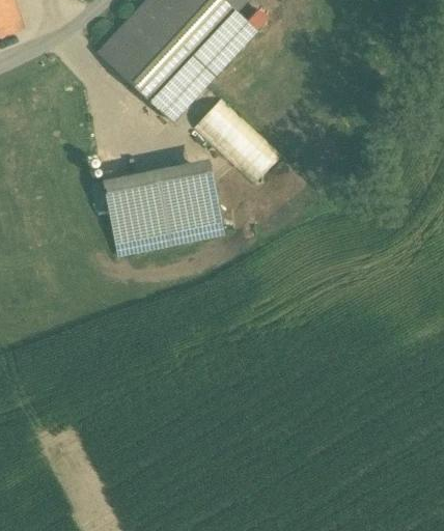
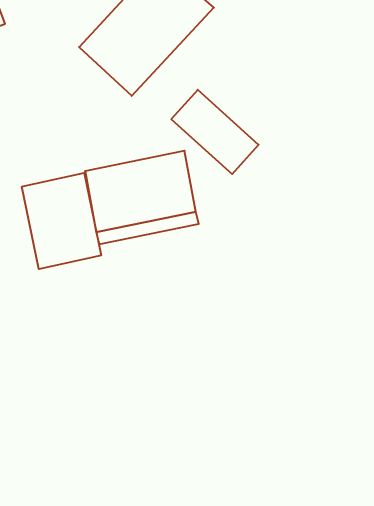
building: [152,12,256,121] -> none
building: none -> [22,173,101,269]

